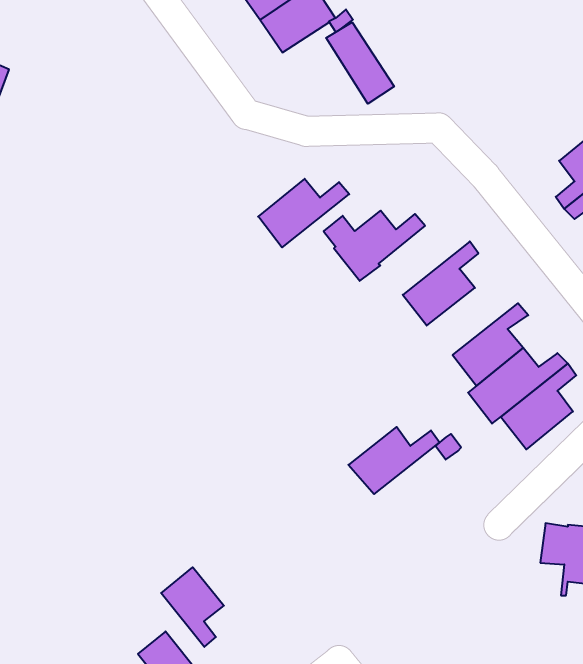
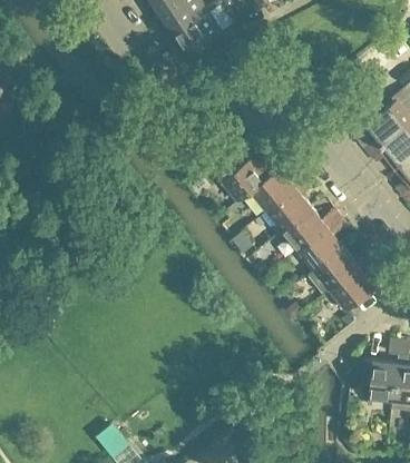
building: [326,22,394,104] -> none
building: [258,179,349,247] -> [250,167,309,211]
building: [348,427,440,494] -> [281,207,340,250]
building: [161,567,224,647] -> none

